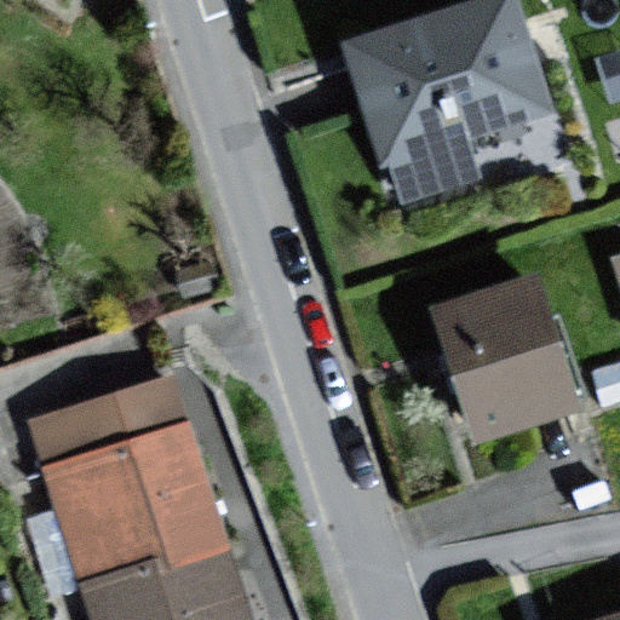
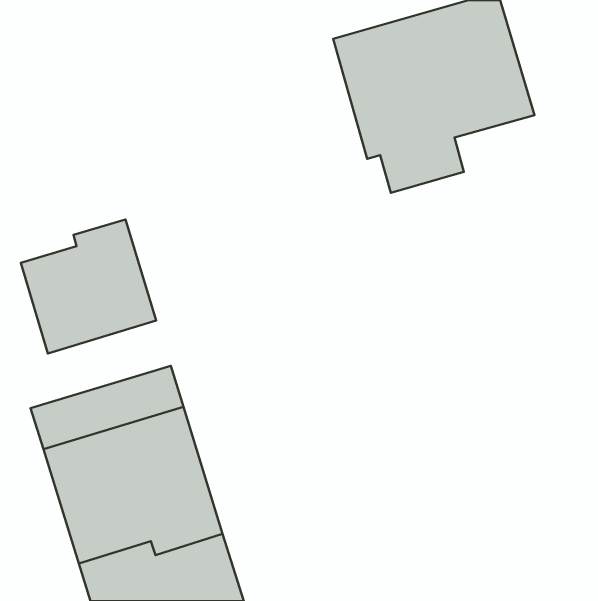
building: none -> [21,219,156,354]
building: [430,276,576,446] -> none

